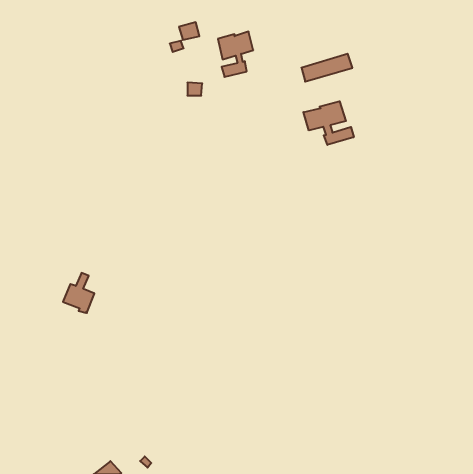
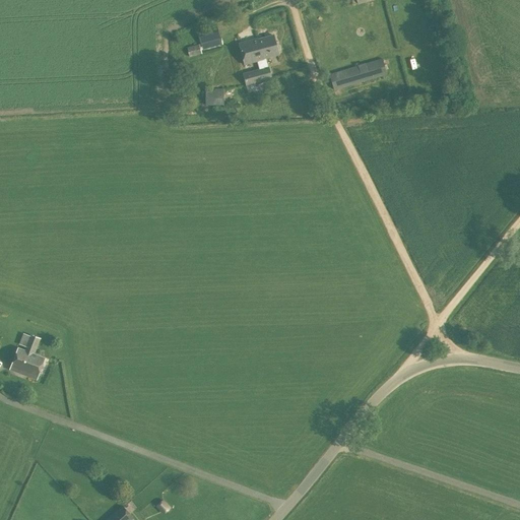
building: [303,101,354,145] -> none
building: [63,273,94,313] -> [10,335,45,379]

